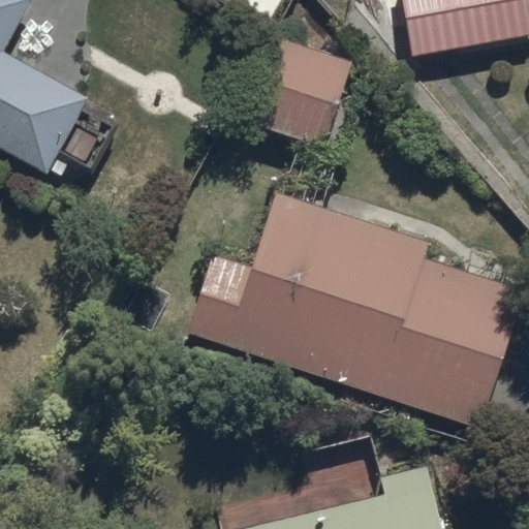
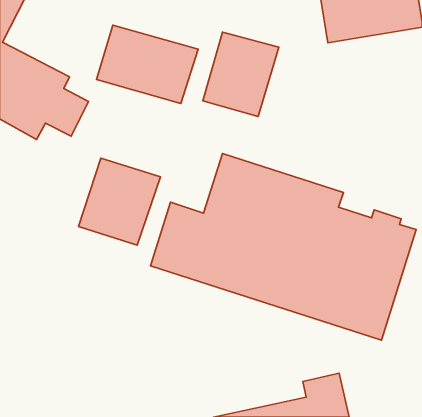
building: none -> [97,25,198,104]
building: none -> [79,158,160,245]

